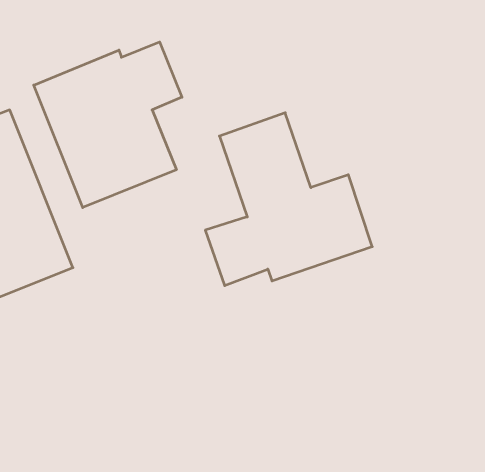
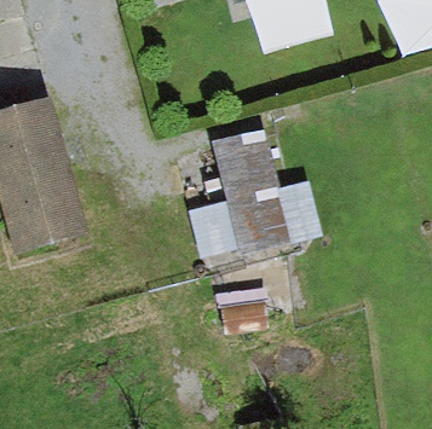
building: [34,42,182,208] -> none

